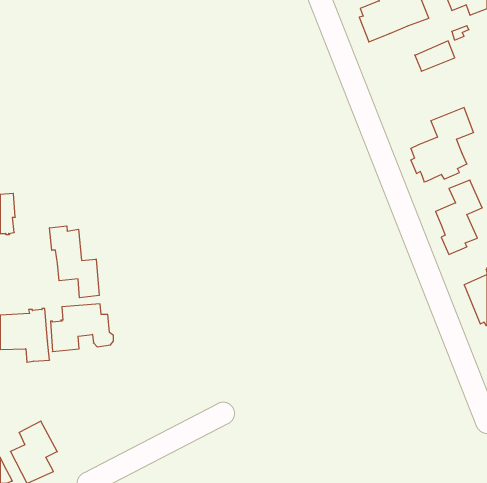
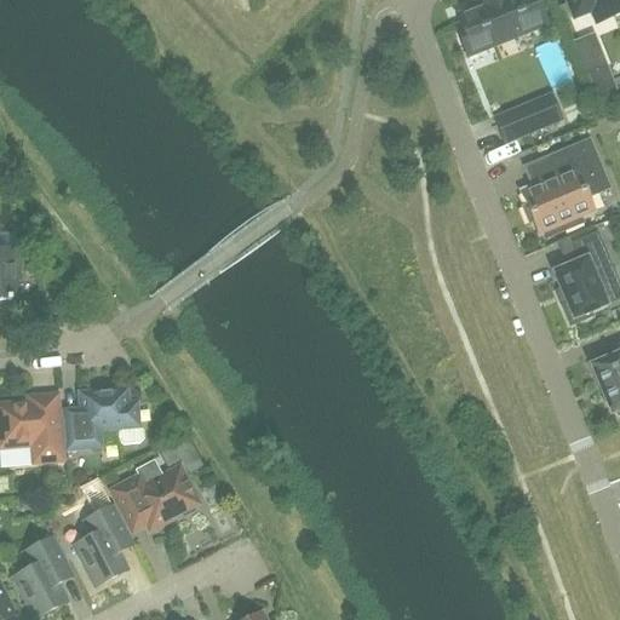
building: [415,41,455,71] -> [496,102,547,140]
building: [50,226,99,298] -> none
building: none -> [110,458,199,529]
building: none -> [74,504,132,584]

